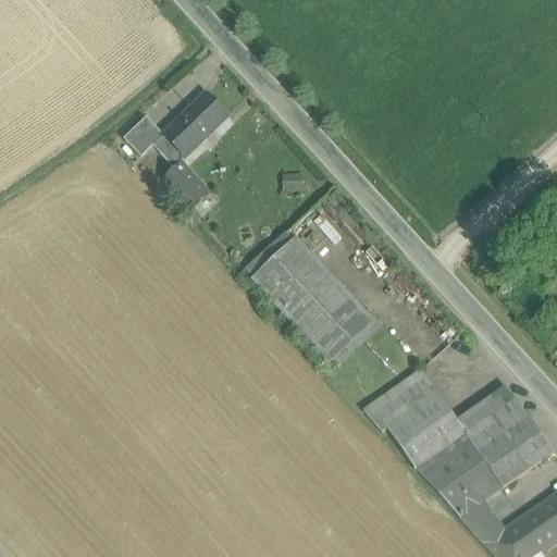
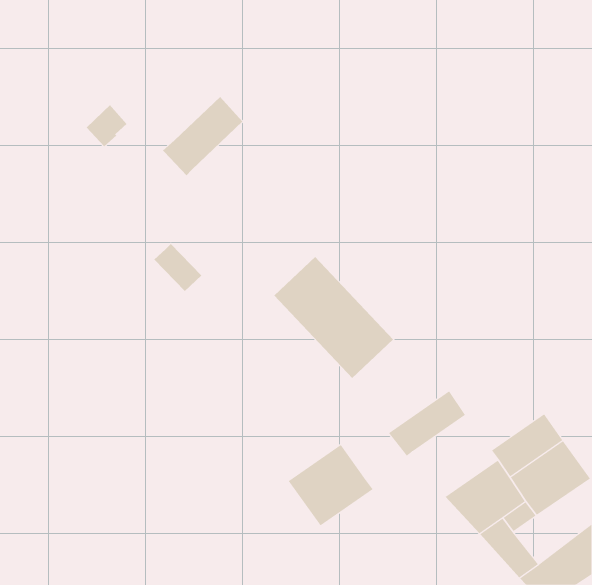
building: [124,113,163,153] -> [86,104,127,147]
building: [164,160,210,206] -> [154,243,202,292]
building: [387,389,468,467] -> [288,444,373,526]

